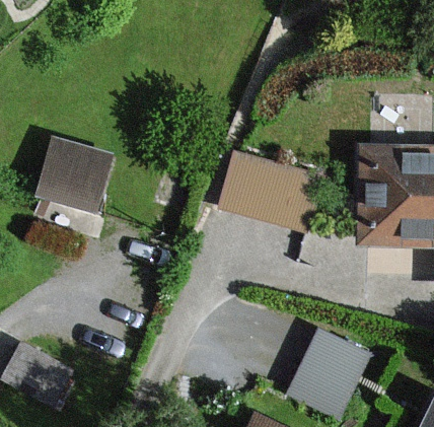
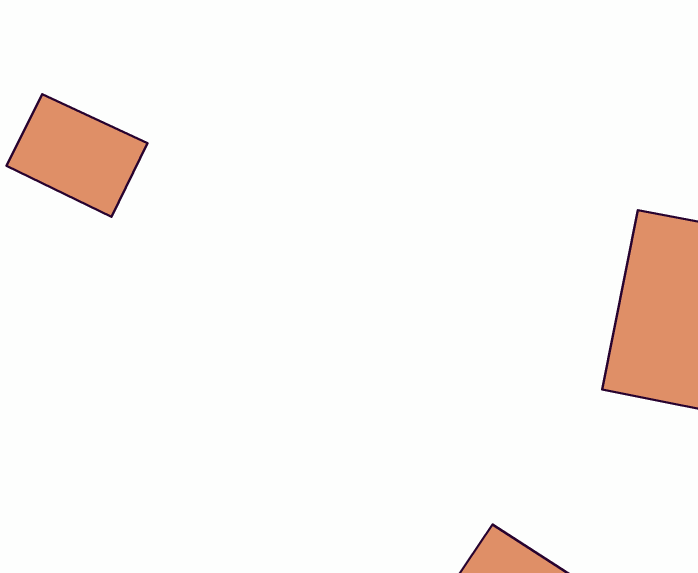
building: [218,150,313,220] -> none

